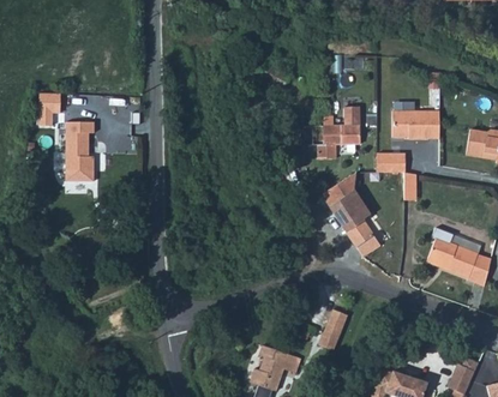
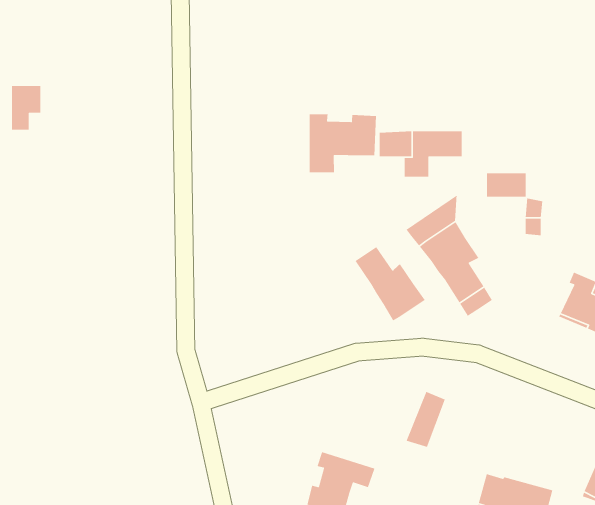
building: [392,109,439,138] -> none
building: none -> [309,113,377,173]
building: [65,119,95,168] -> none
building: none -> [354,246,426,322]

